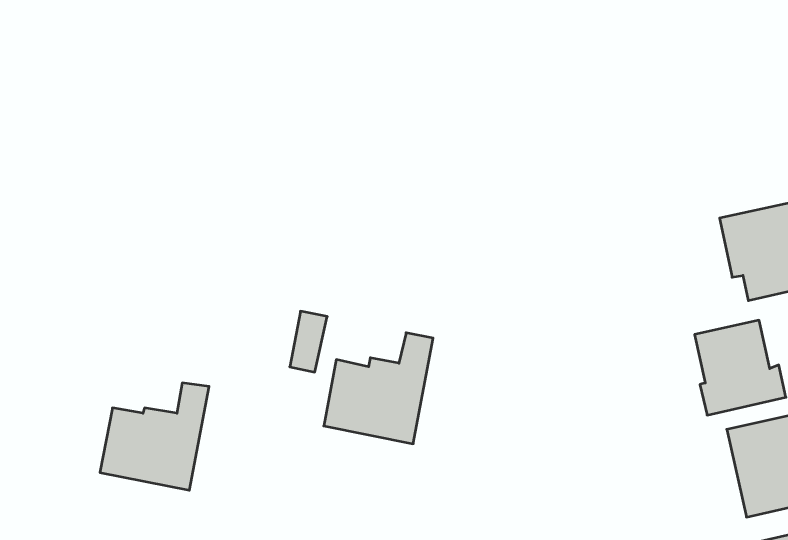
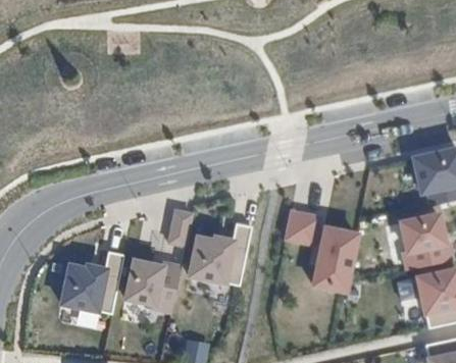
building: none -> [284,210,317,243]
building: none -> [312,226,354,289]
building: none -> [125,260,180,311]

